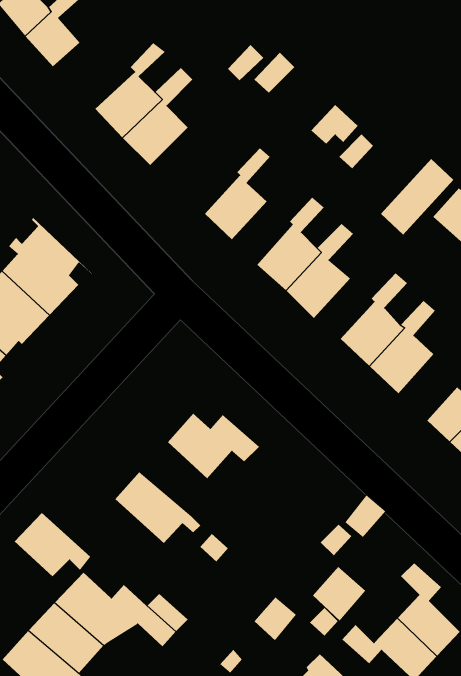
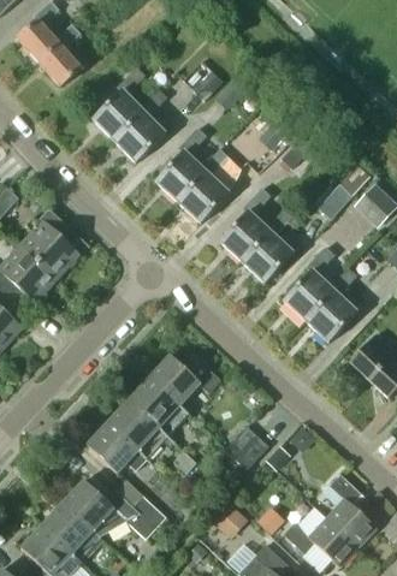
building: none -> [155,126,208,201]
building: none -> [126,379,188,437]
building: [14,512,91,577] -> [85,423,146,474]
building: [312,566,366,622] -> [227,423,269,467]

